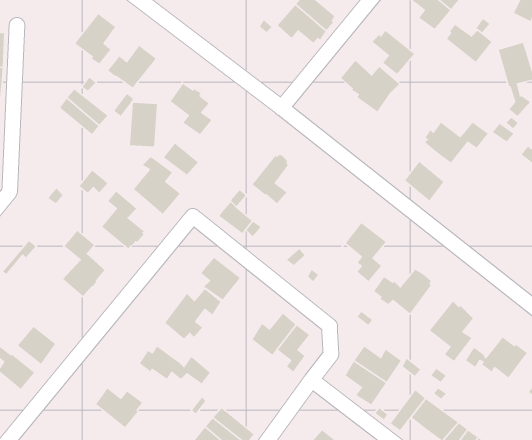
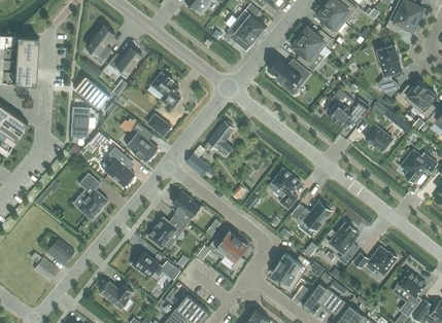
building: [446,24,493,63] -> [299,26,331,52]
building: [129,102,158,147] -> [70,106,90,137]
building: [404,161,445,202] -> [365,123,393,151]

